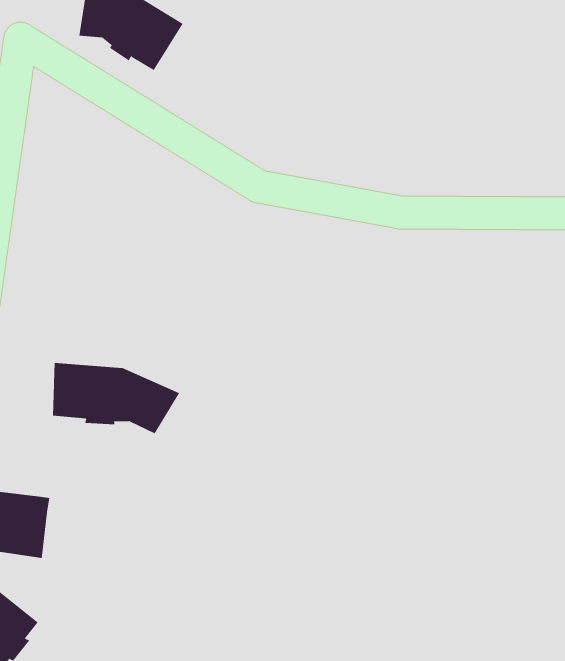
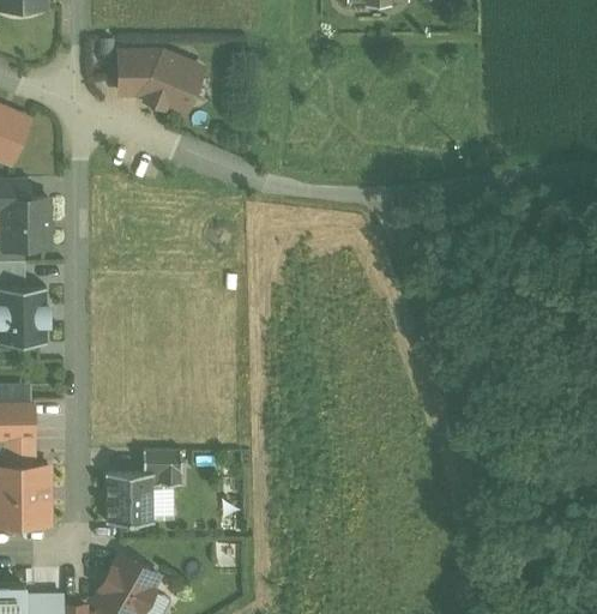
building: [52,362,180,434] -> none
building: none -> [143,450,181,484]

